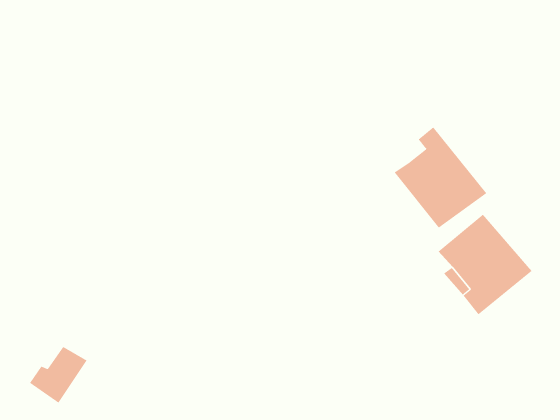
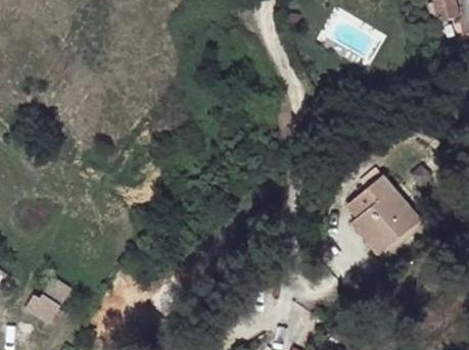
building: [394,127,487,229] -> none

